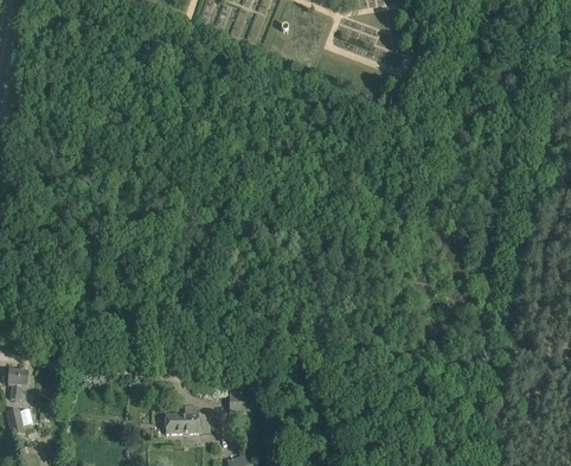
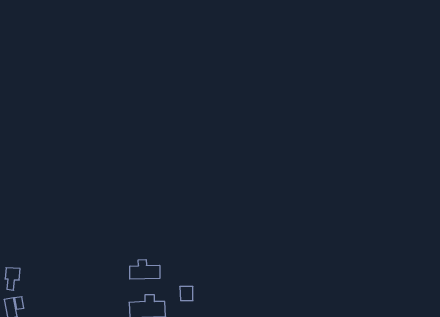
building: none -> [130,260,160,279]

